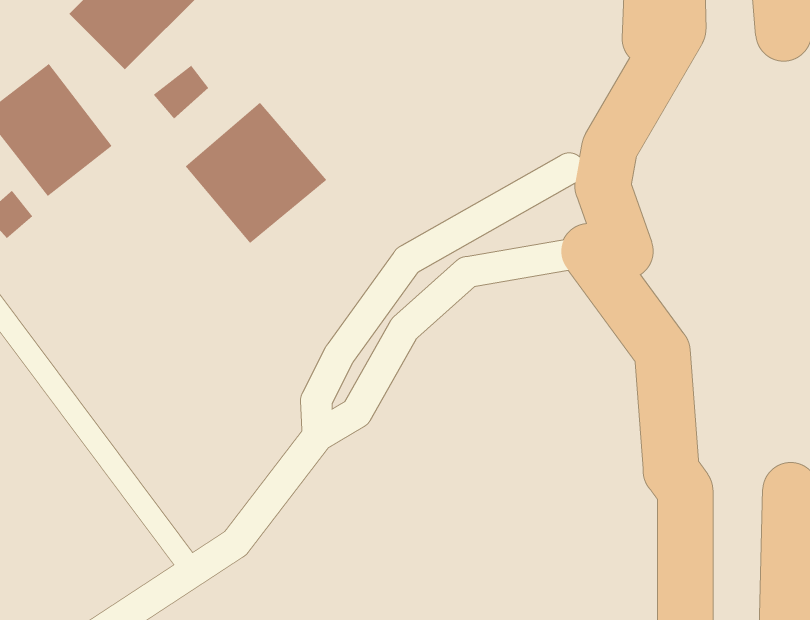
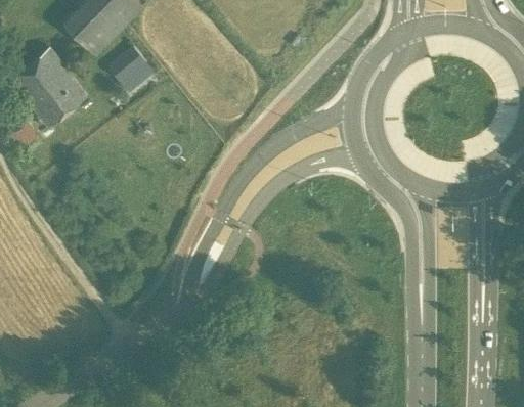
building: [185,102,327,244] -> none

